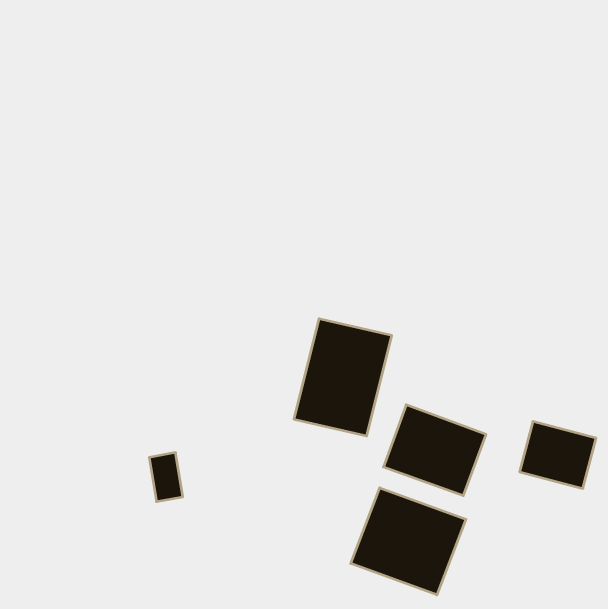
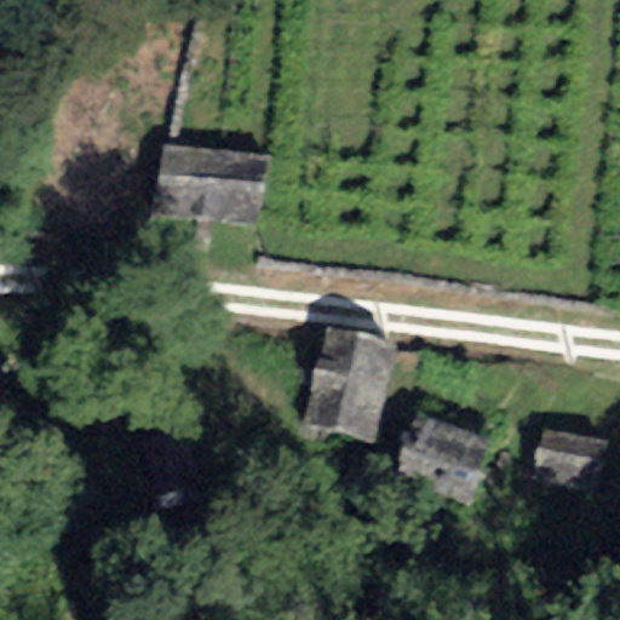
building: none -> [150,144,271,225]
building: [351,488,466,595] -> none

